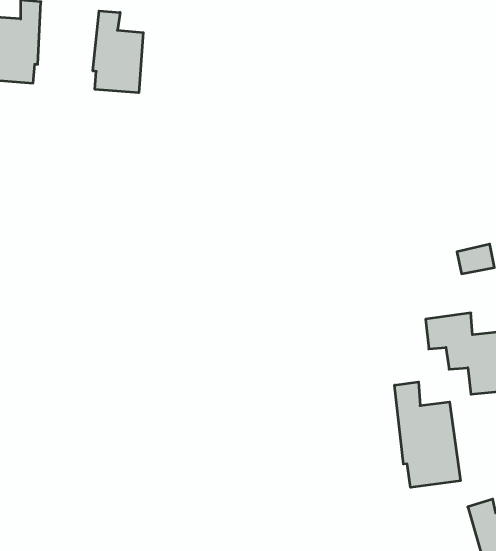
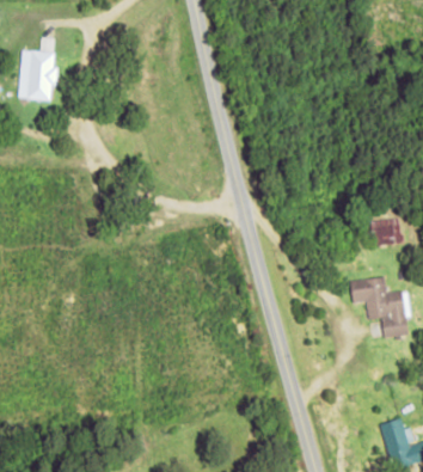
building: [93,11,143,93] -> none
building: [395,382,460,487] -> none

